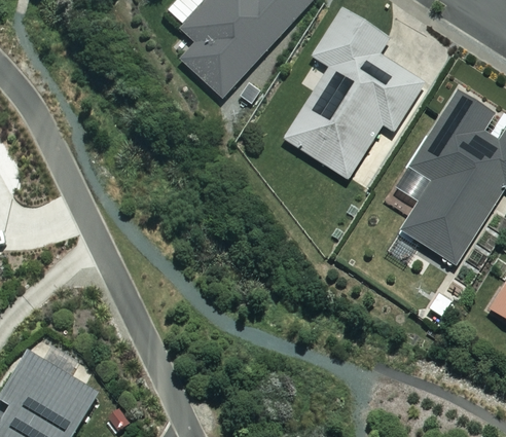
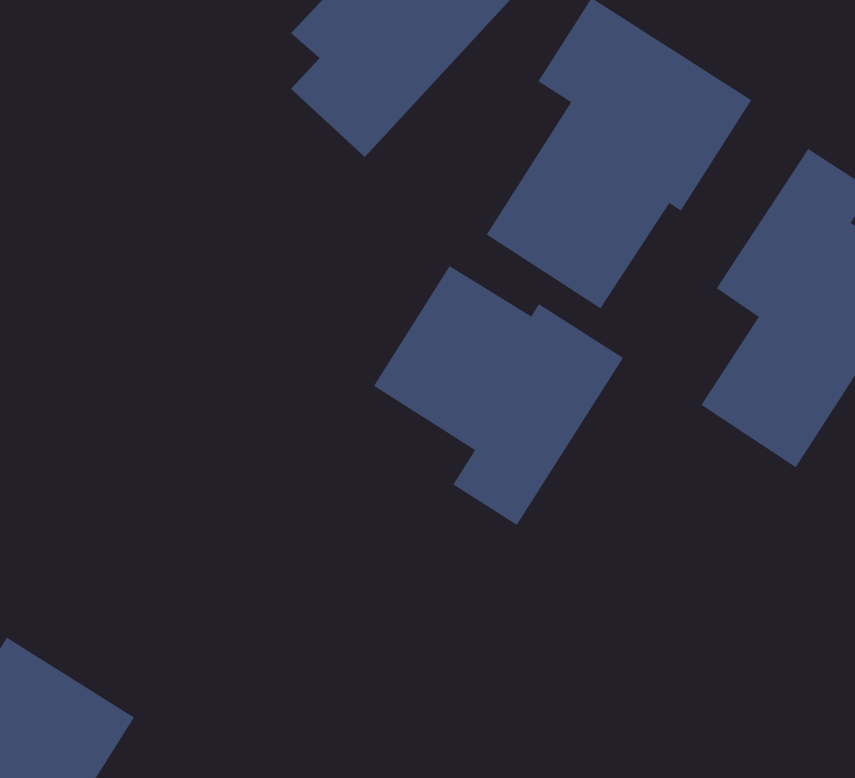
building: none -> [373,265,624,526]

